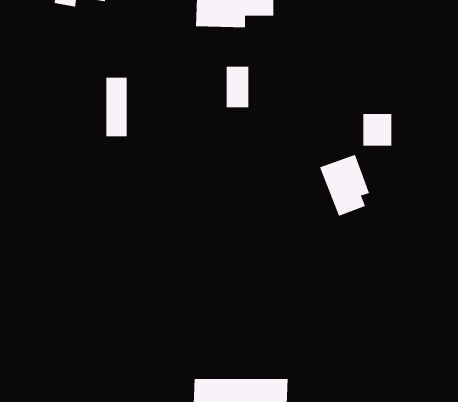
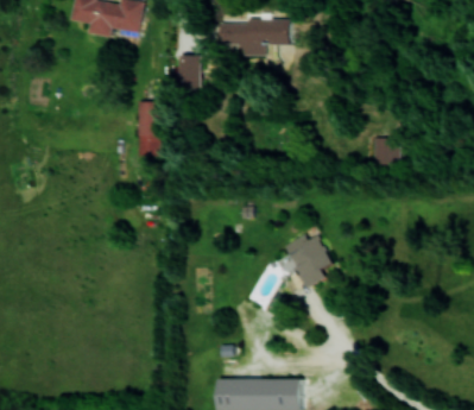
building: [226,66,249,108] -> [181,57,202,95]
building: [319,154,370,217] -> [285,229,331,286]

